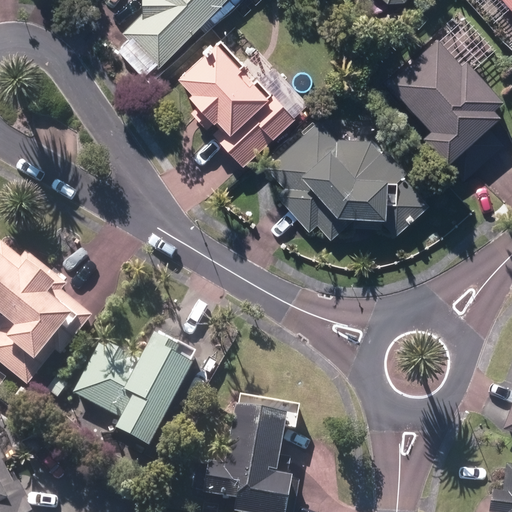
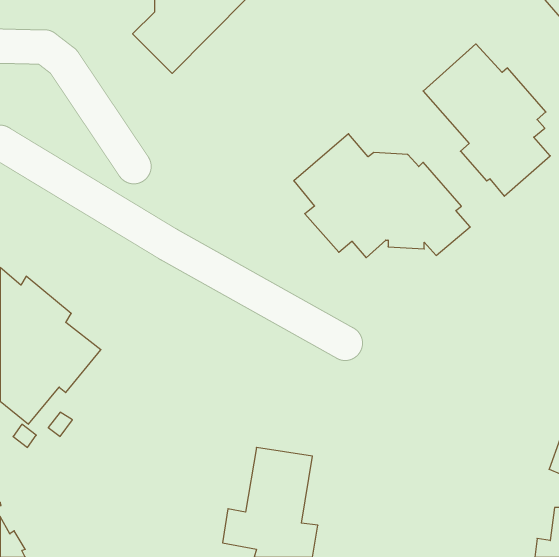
building: [177,41,293,166] -> none
building: [73,333,194,450] -> none

